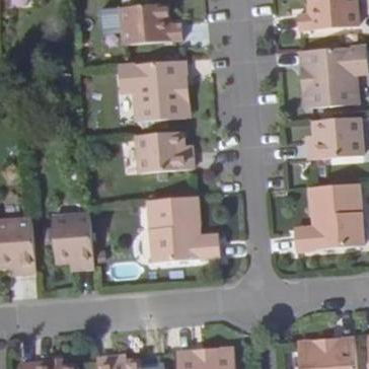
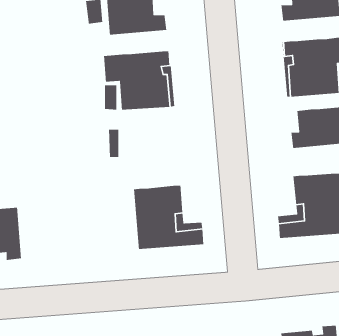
building: [136,131,193,172] -> none
building: [52,213,93,268] -> none

